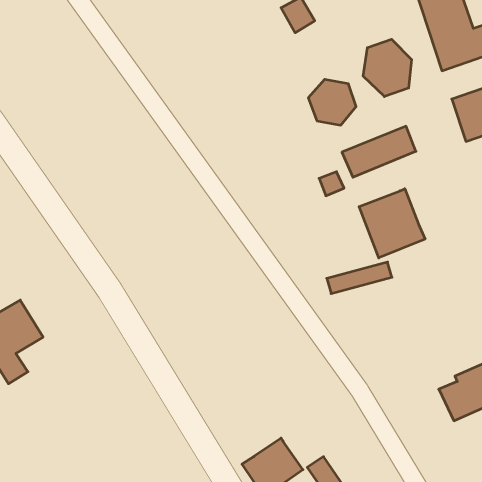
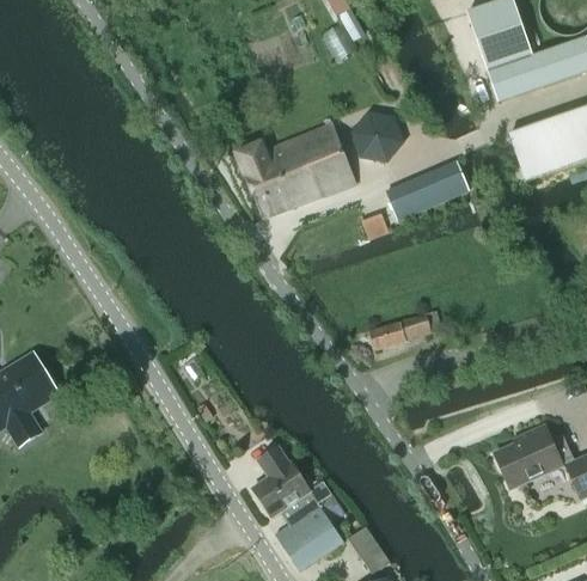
building: [363,39,412,97] -> none
building: none -> [236,123,354,216]
building: [359,189,425,258] -> none
building: none -> [253,448,337,526]

